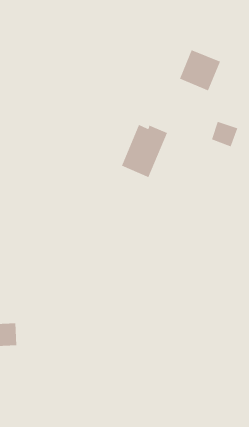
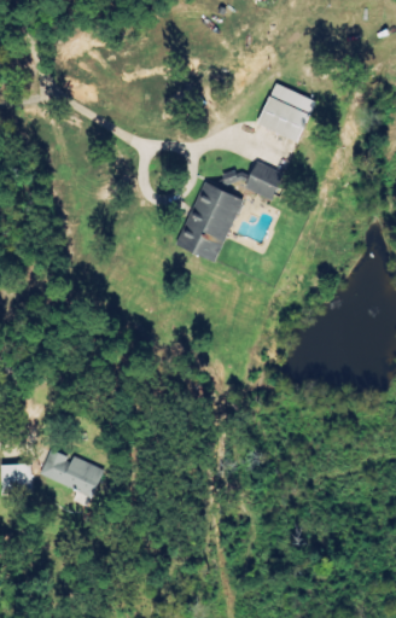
building: [211,121,238,147] -> [244,162,281,198]
building: none -> [43,451,103,506]

